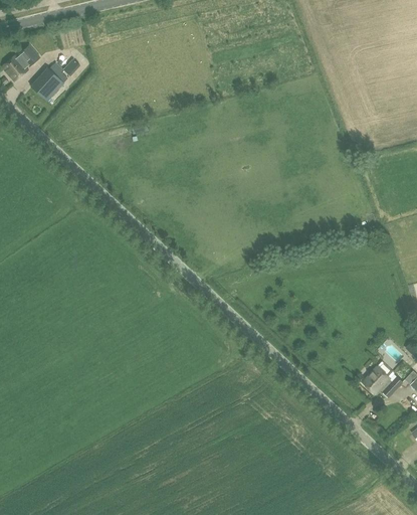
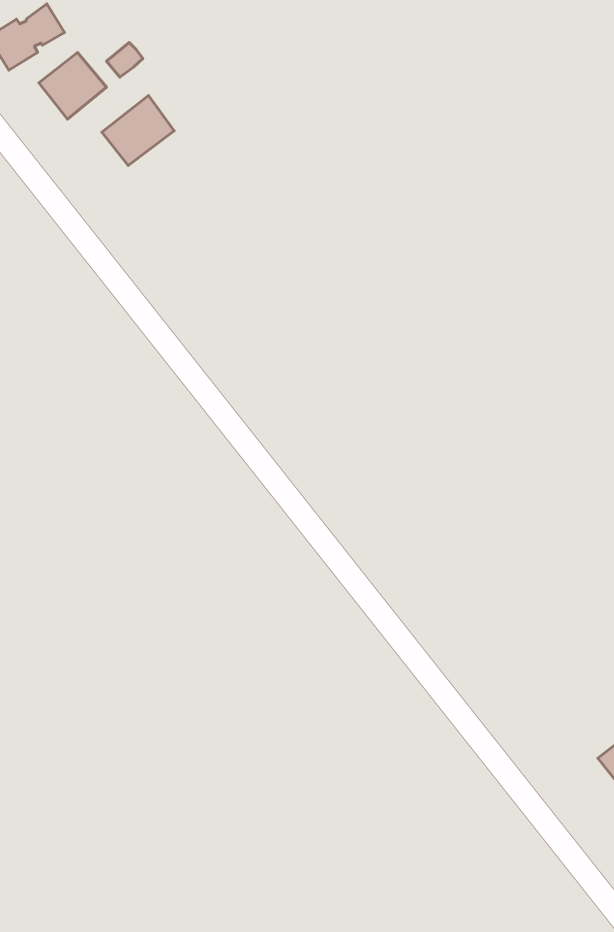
building: none -> [102,96,174,165]

